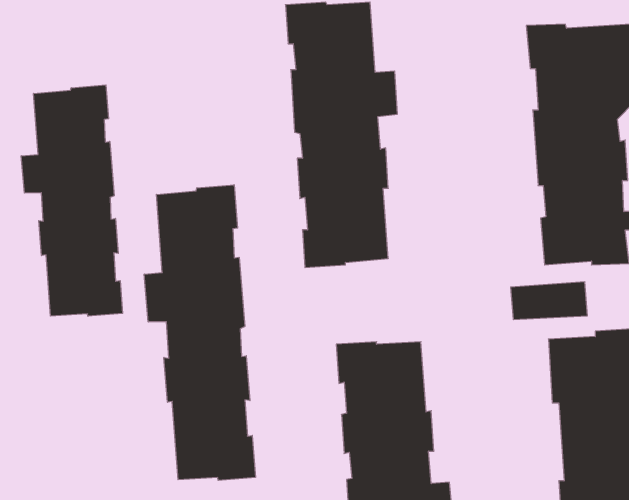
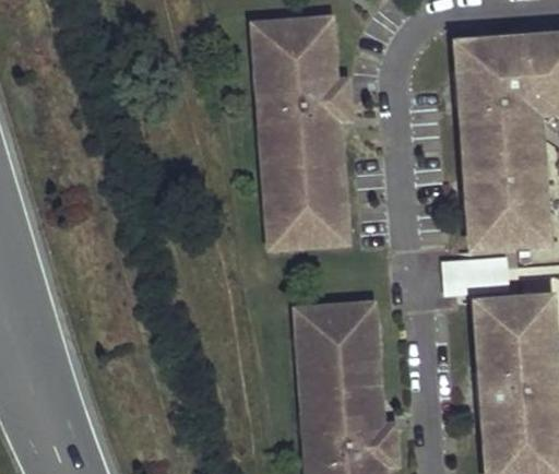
building: [21,85,123,316] -> none
building: [144,185,255,480] -> none

